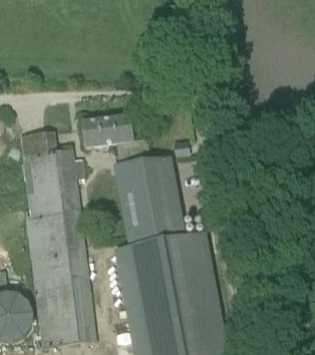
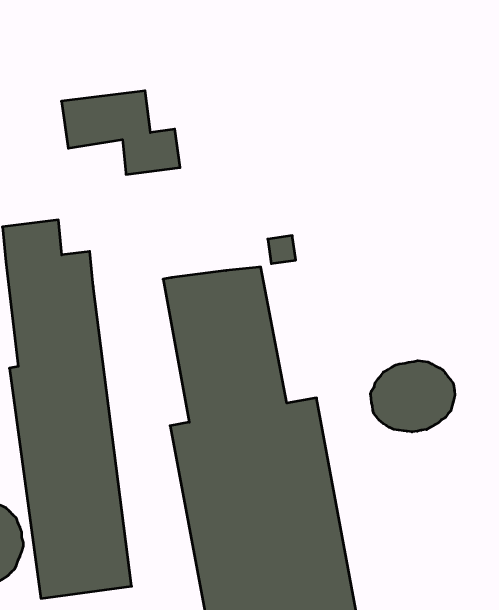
building: [82,115,150,163] -> [61,91,180,174]
building: none -> [371,361,455,432]

